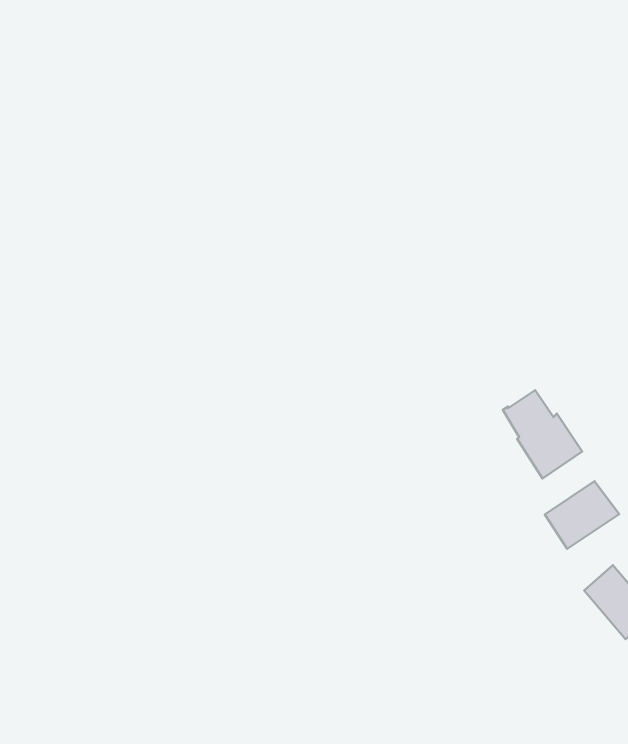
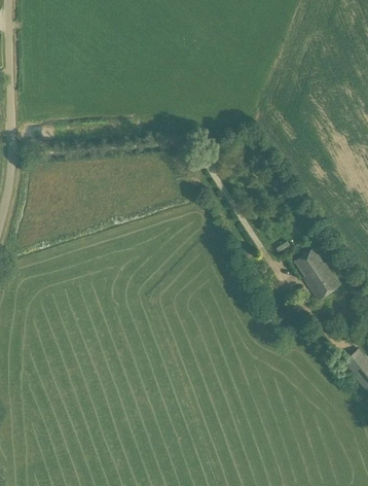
building: [545,481,619,549] -> none

